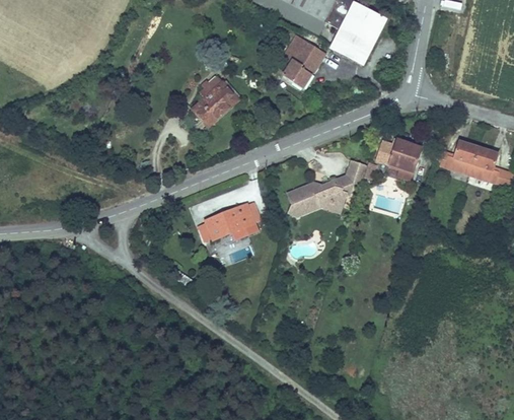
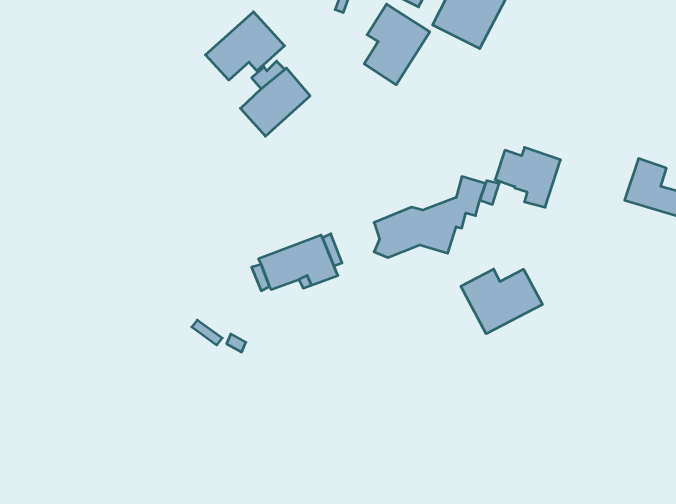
building: none -> [205,12,285,80]
building: [437,139,480,176] -> none
building: none -> [461,269,542,334]

